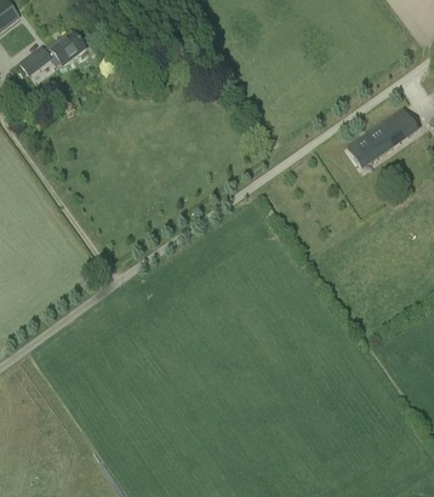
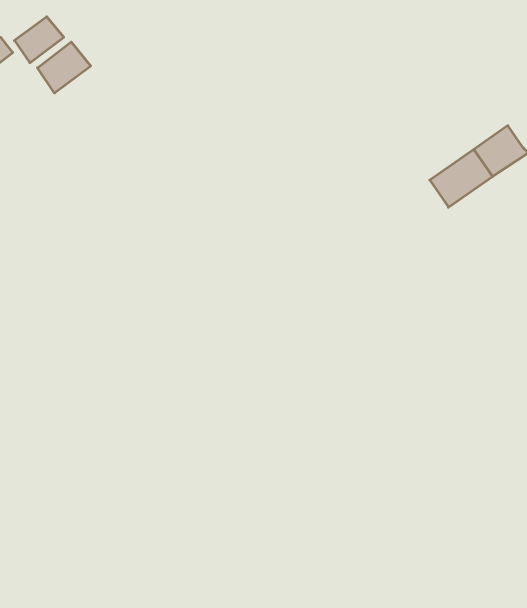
building: none -> [37,42,91,93]

